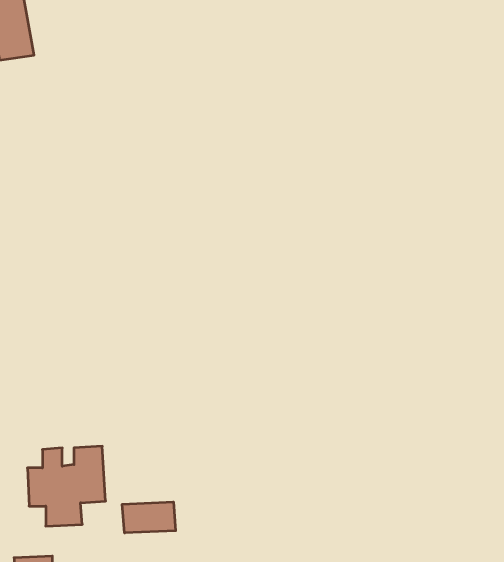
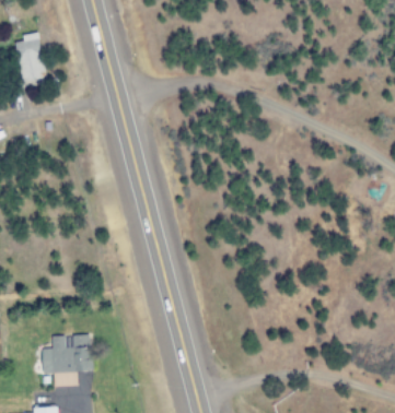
building: [122,502,176,533] -> none

